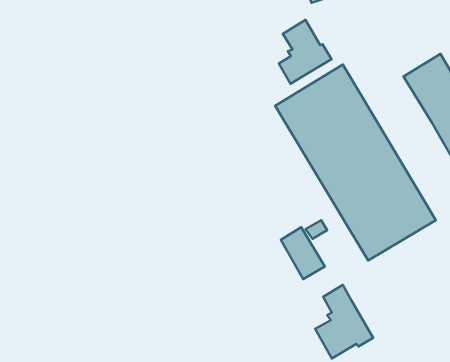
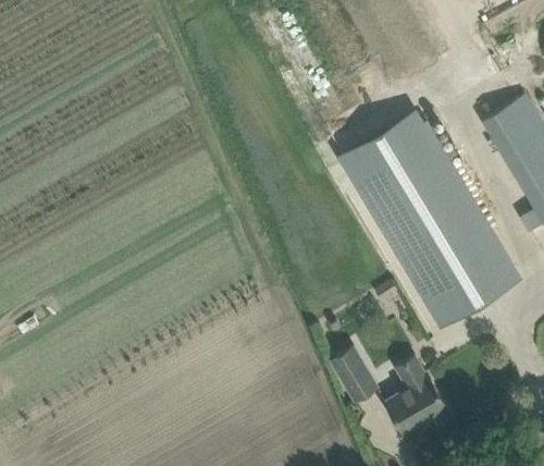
building: [279,20,331,84] -> none
building: [281,227,325,279] -> [330,346,379,404]

